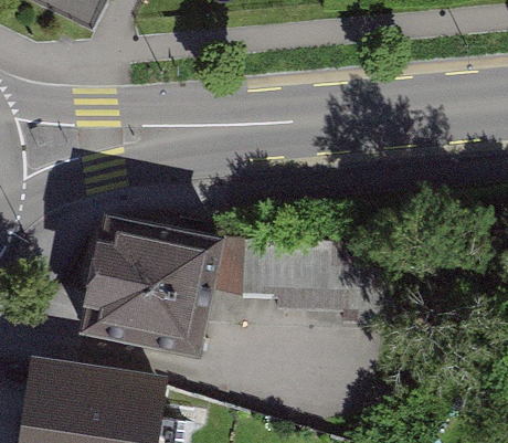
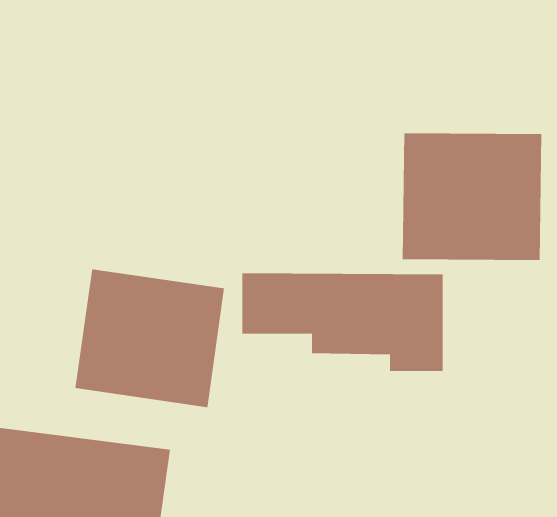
building: none -> [402,133,542,261]

